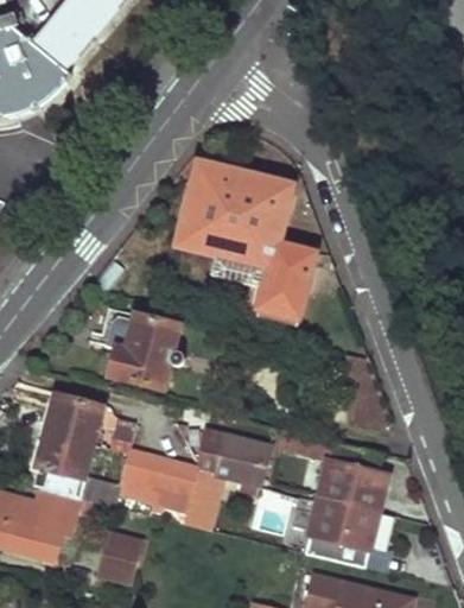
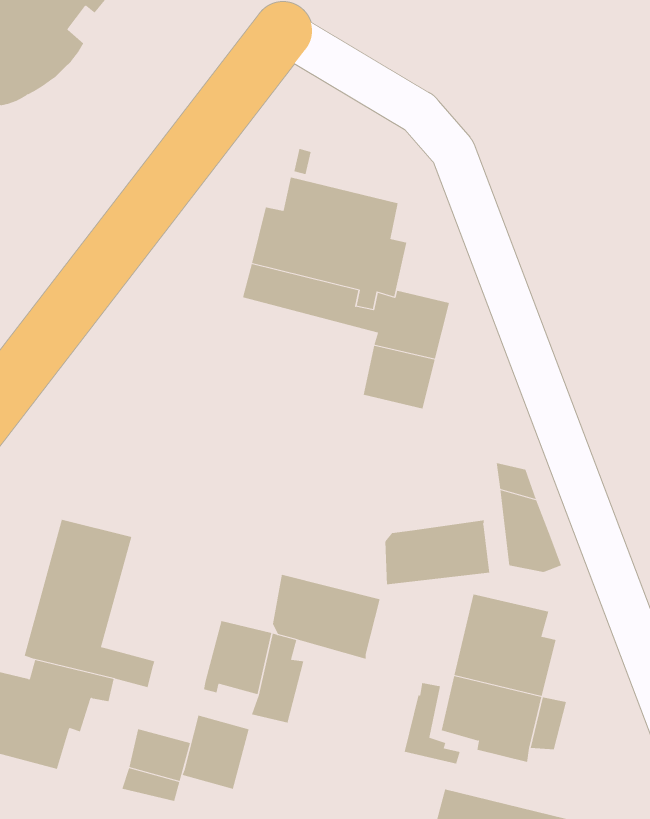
building: [98,306,184,390] -> none
building: none -> [385,519,490,585]
building: [117,451,163,501] -> [182,715,249,789]

